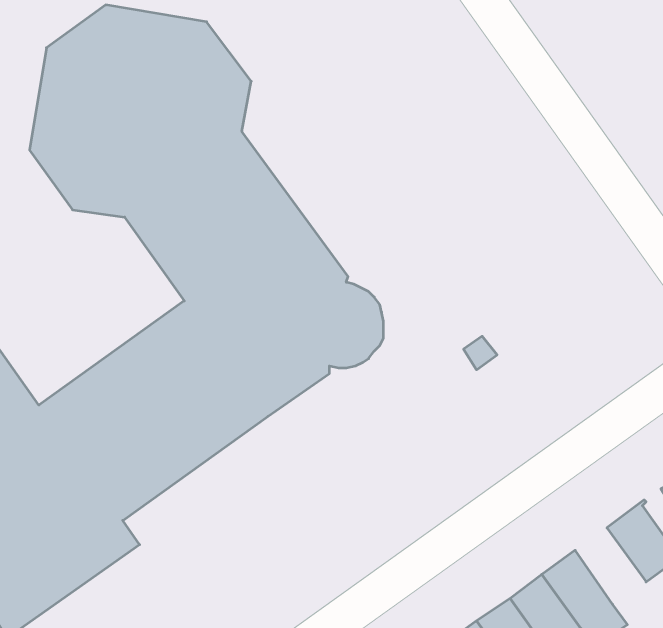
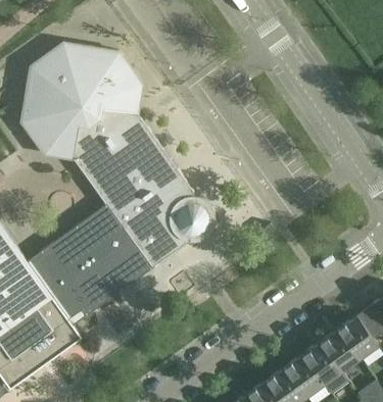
building: none -> [320,330,358,371]

